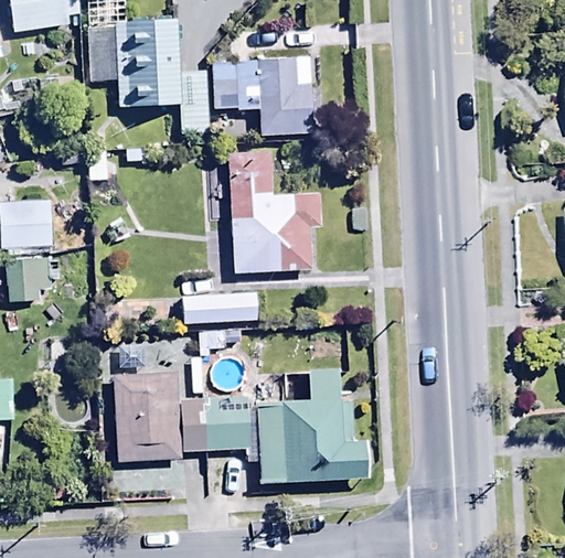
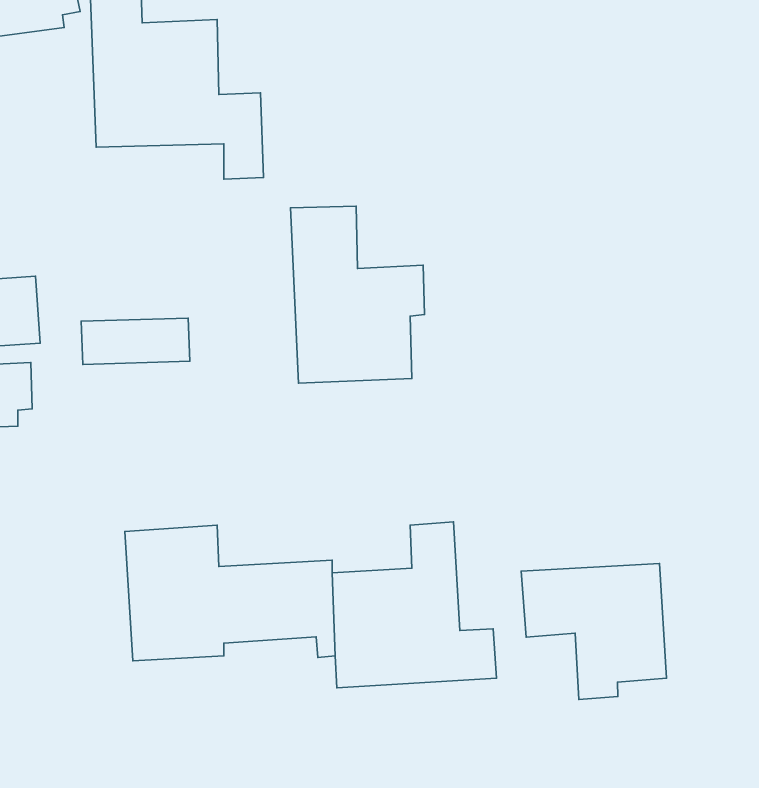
building: [214,56,312,135] -> none
building: [182,291,257,323] -> [81,318,190,364]
building: none -> [521,563,667,700]

